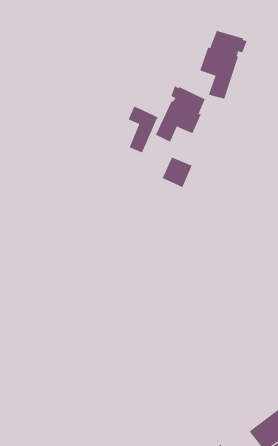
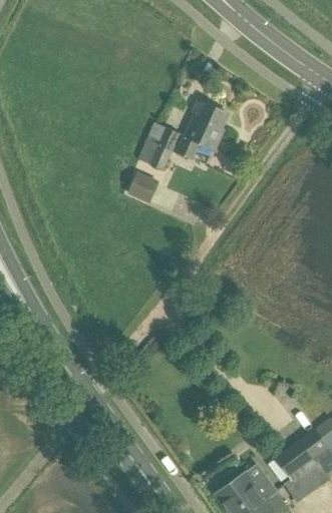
building: [199,30,248,99] -> none
building: [162,157,193,188] -> [127,172,159,204]

